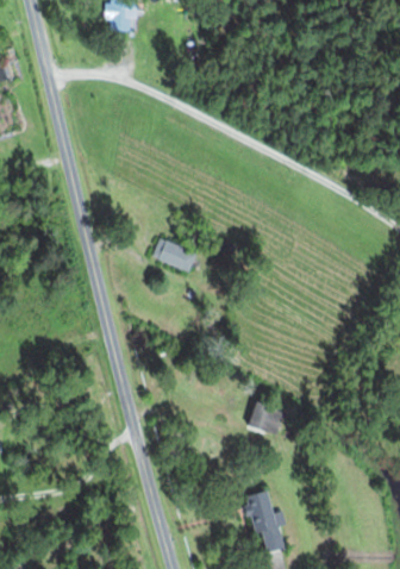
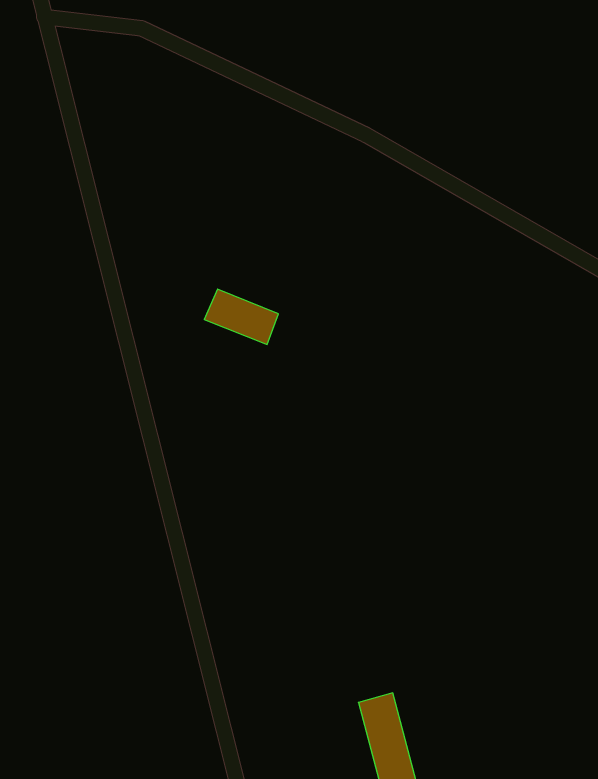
building: [246,402,282,436] -> none

